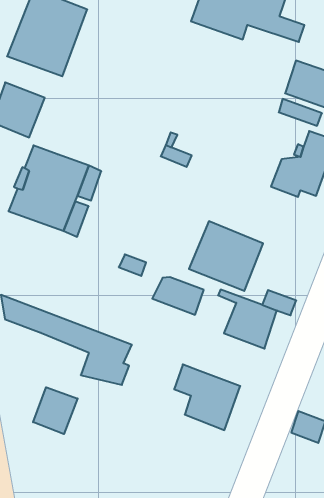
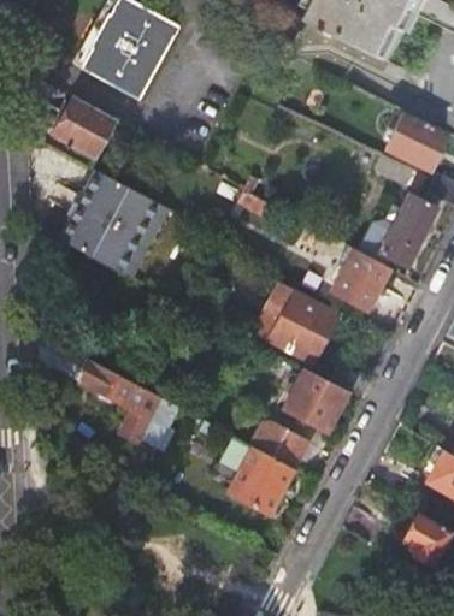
building: none -> [330,248,390,312]
building: [152,277,204,315] -> [248,424,307,469]
building: [33,387,78,434] -> none

